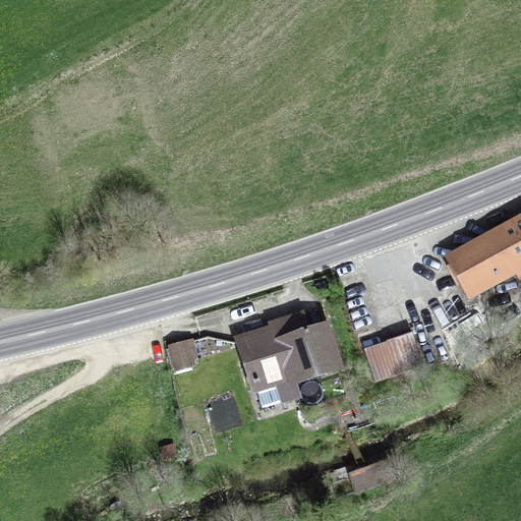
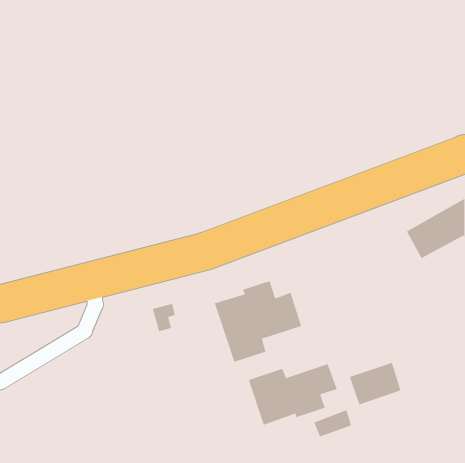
building: [363,332,422,381] -> [349,362,402,406]
building: none -> [248,363,338,426]

